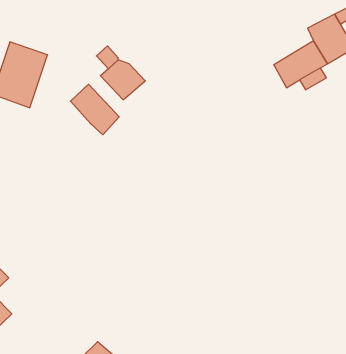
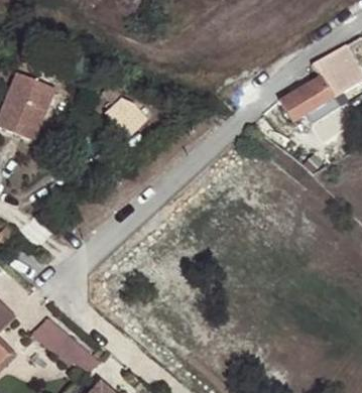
building: [70,84,119,135] -> none
building: none -> [33,317,108,372]

